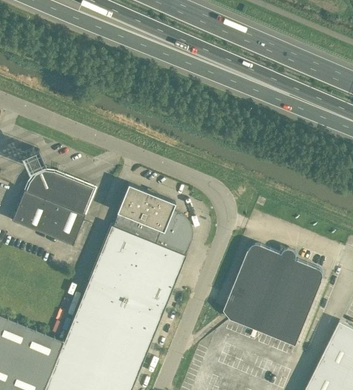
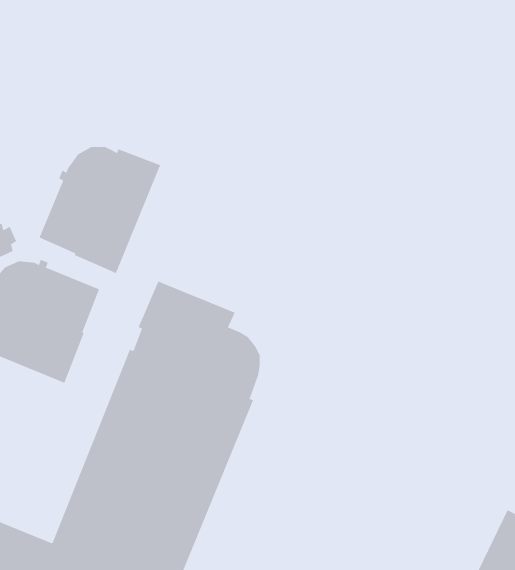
building: none -> [39,146,161,274]
building: [224,243,324,345] -> none

